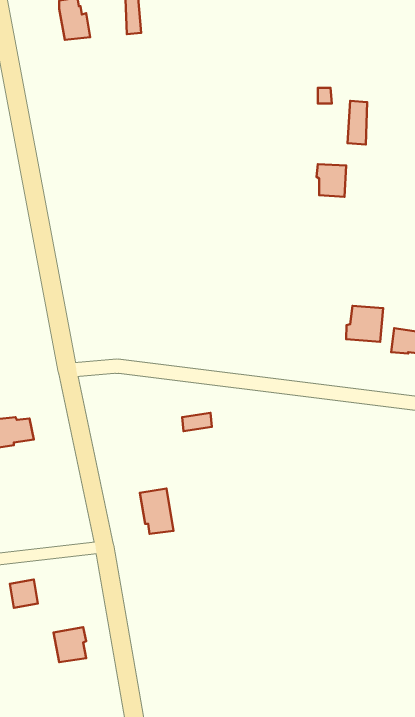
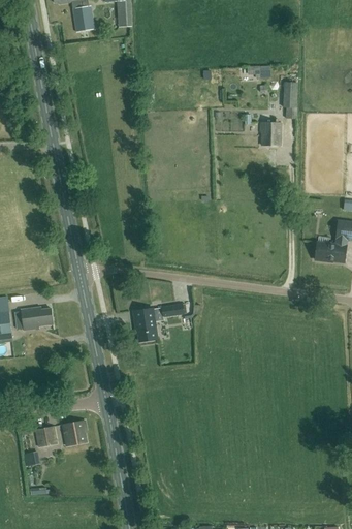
building: [346,306,383,342] -> none
building: [140,488,174,534] -> [132,308,157,341]
building: [54,627,86,662] -> [62,419,86,445]

